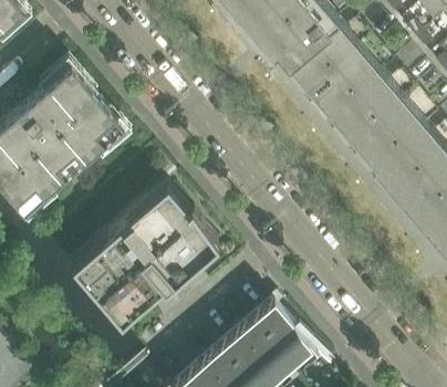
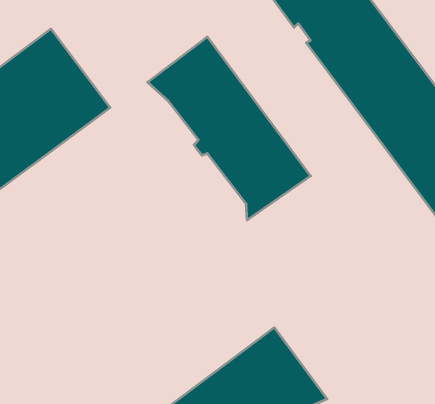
building: none -> [148,37,311,220]
building: [72,189,218,327] -> none

